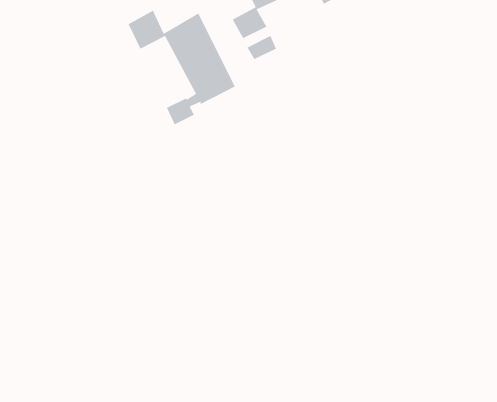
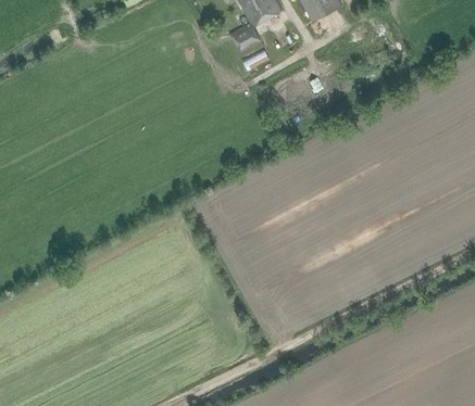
building: [128,10,236,125] -> none

